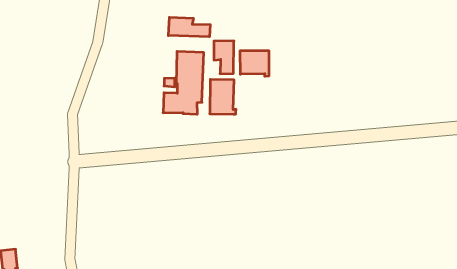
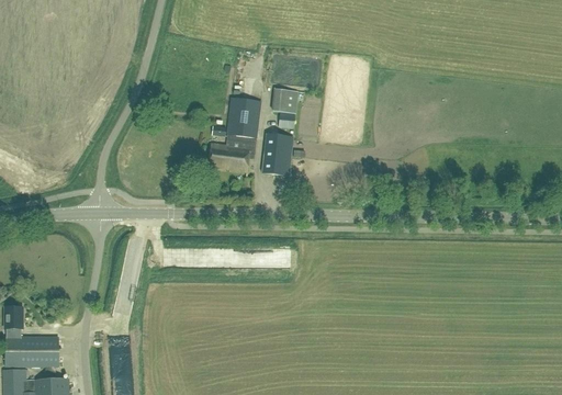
building: [168,17,210,37] -> none
building: [240,51,269,76] -> none

